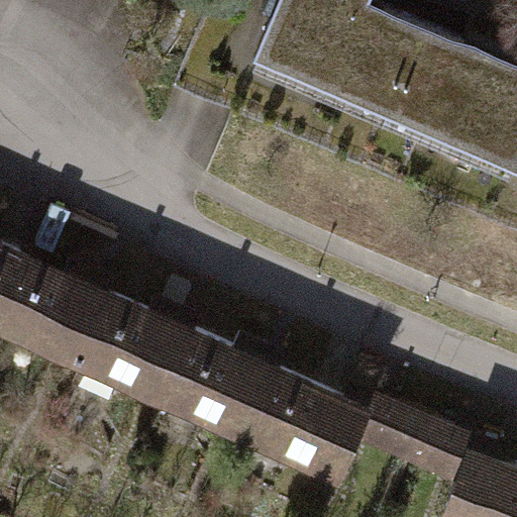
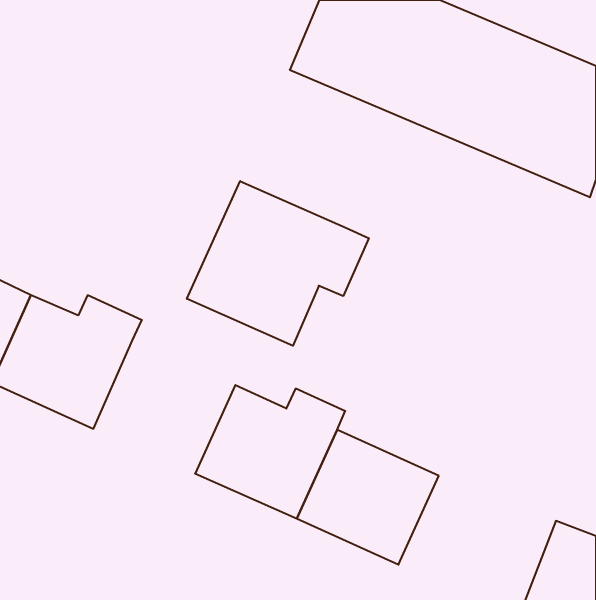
building: none -> [187,181,369,346]
building: [80,294,208,408] -> none
building: [369,398,476,481] -> none

